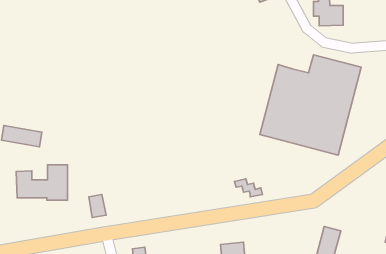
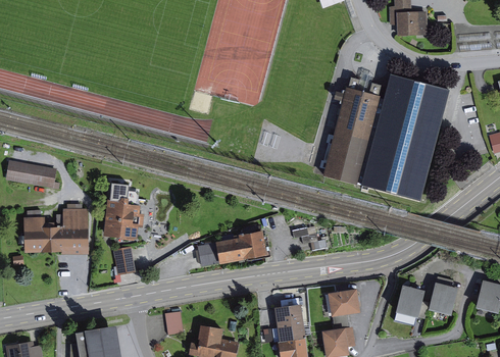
building: none -> [104,198,141,240]
building: none -> [198,235,268,267]
building: none -> [429,275,460,315]
building: none -> [330,290,364,316]

